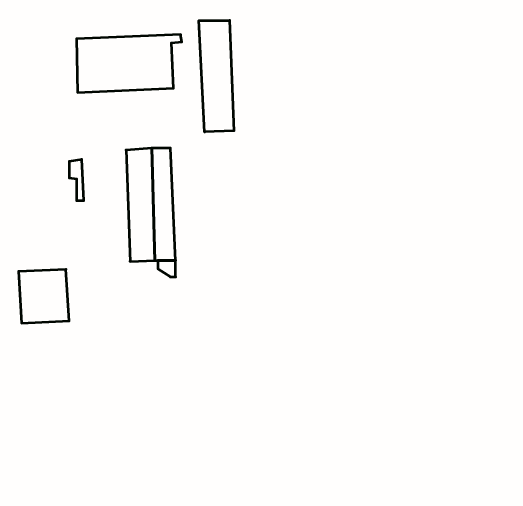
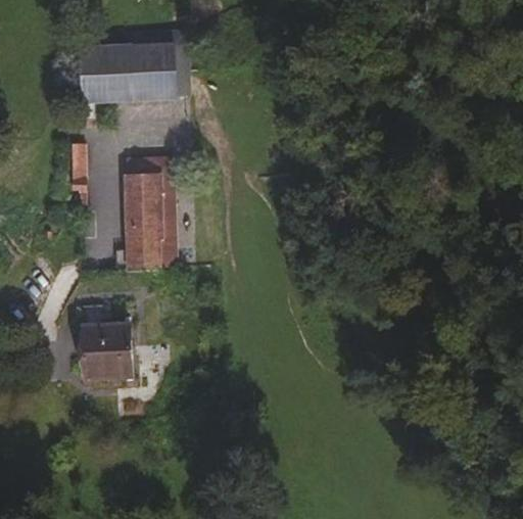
building: [199,20,234,132] -> none
building: [19,269,69,323] -> [81,323,131,376]

